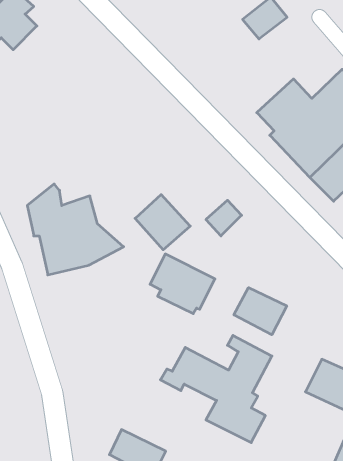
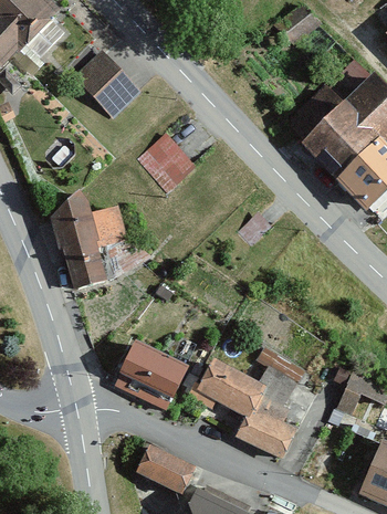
building: none -> [74,50,138,114]
building: [135,195,190,250] -> [138,134,195,190]
building: [150,254,215,314] -> [121,342,187,402]
building: [234,288,287,335] -> none

